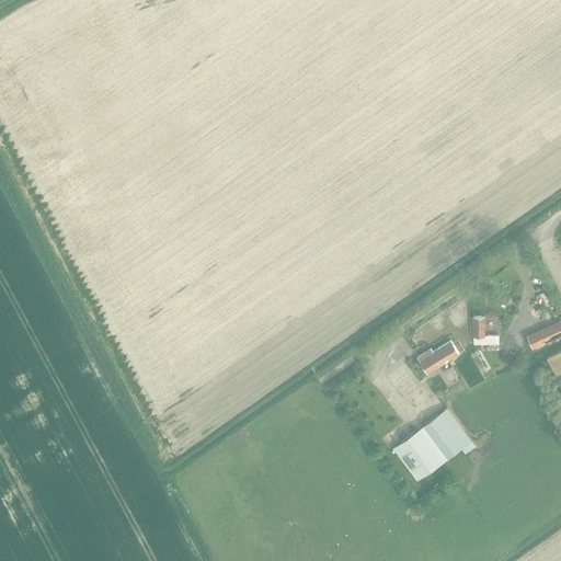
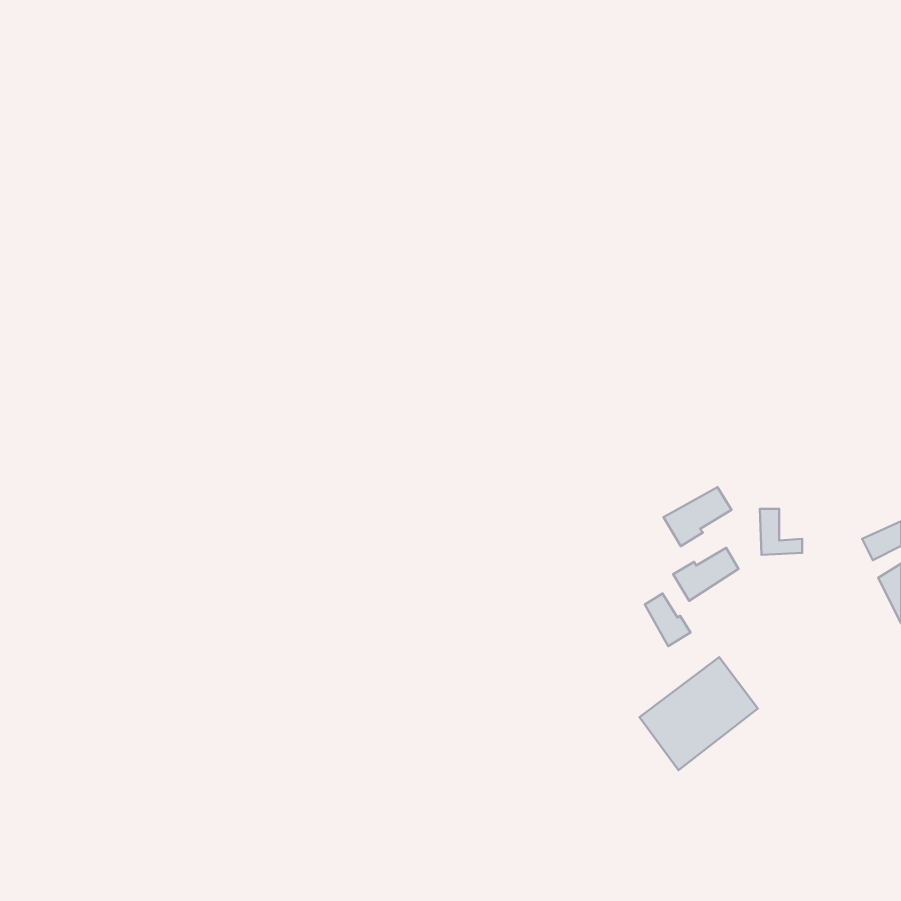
building: none -> [663,487,731,546]
building: none -> [645,594,691,646]

